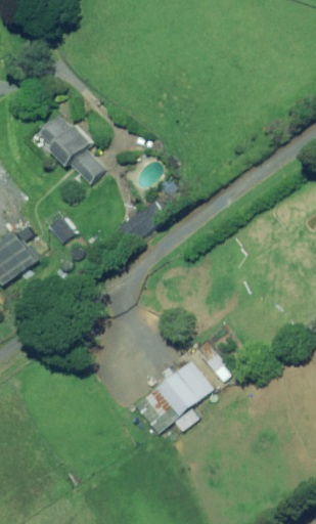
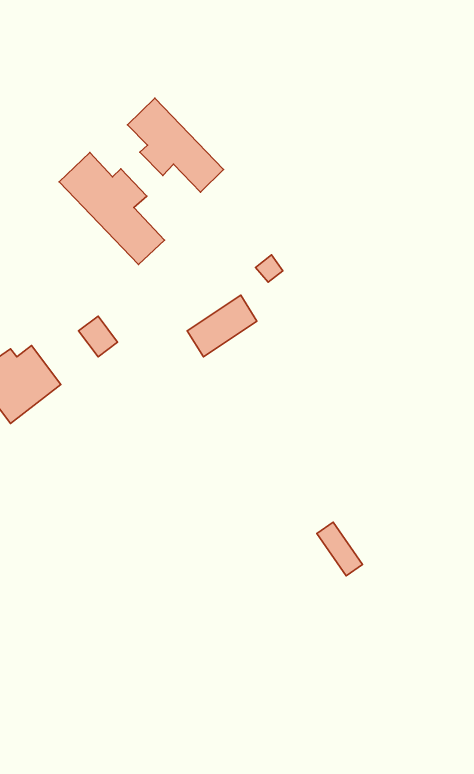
building: none -> [127,98,223,192]
building: [135,361,211,432] -> none

